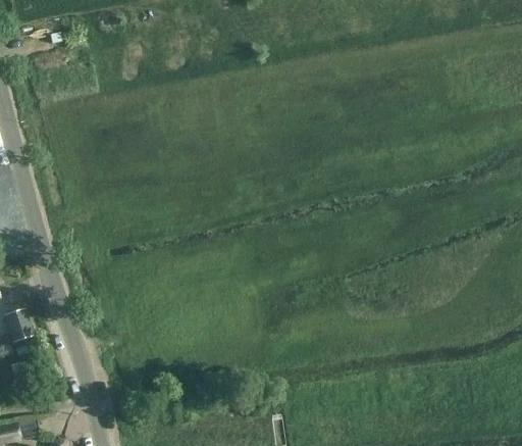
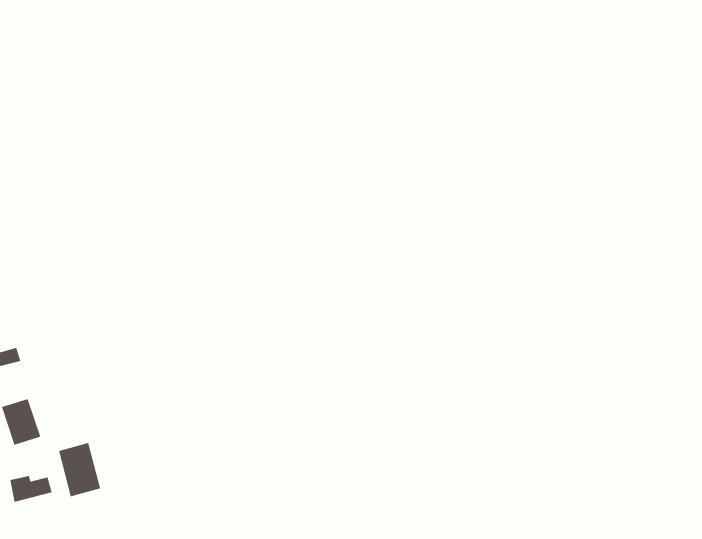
building: none -> [58,442,101,497]

